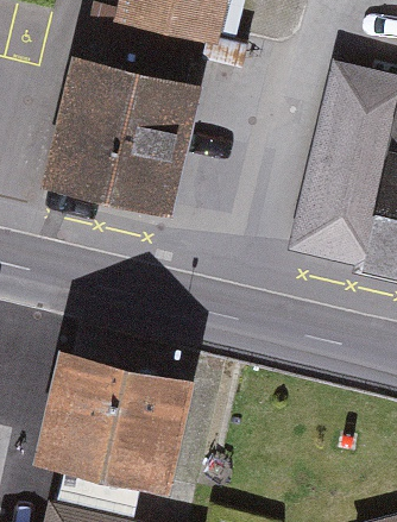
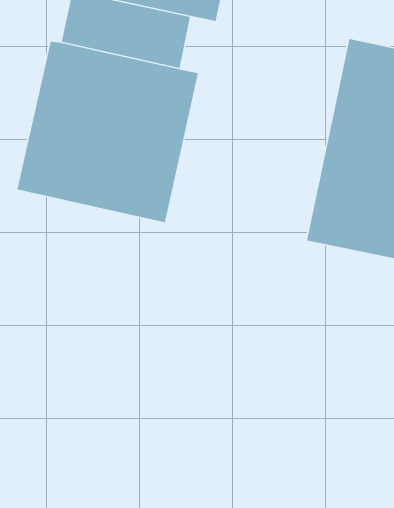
building: [51,356,178,473] -> none

